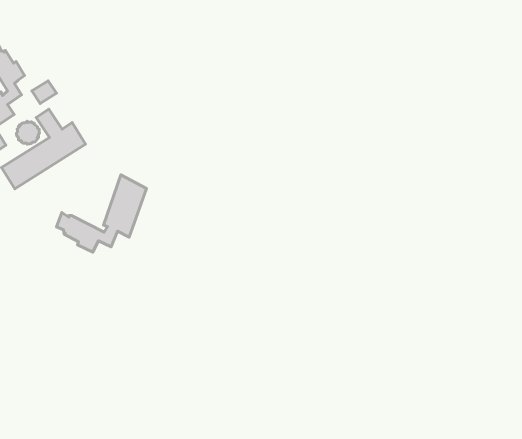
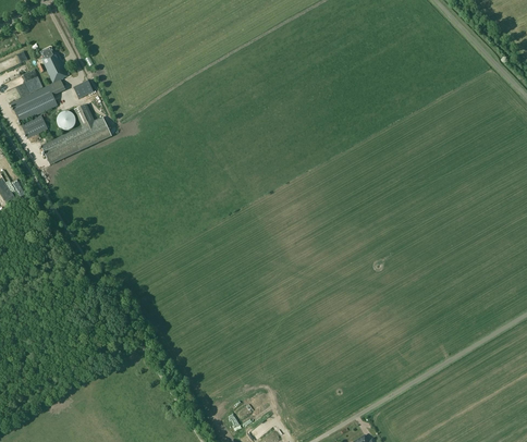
building: [57,175,147,252] -> none

